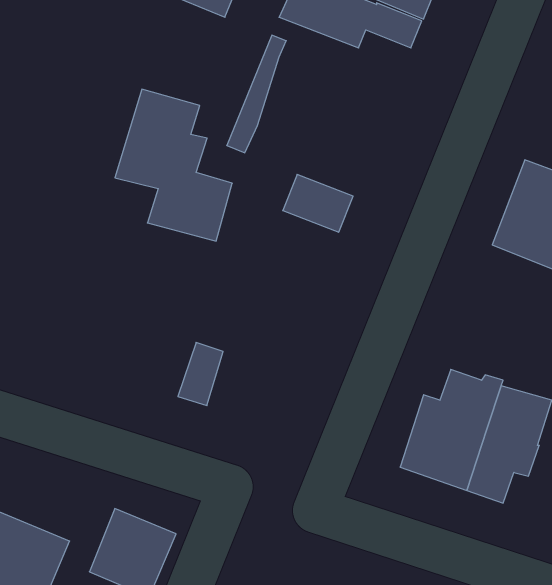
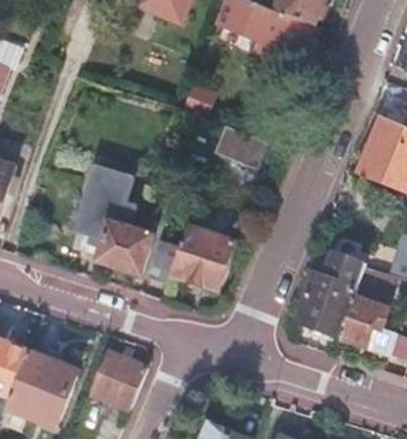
building: [115,89,232,241] -> [73,170,152,271]
building: none -> [172,226,234,288]

